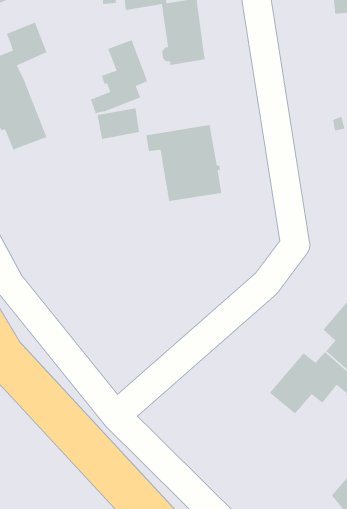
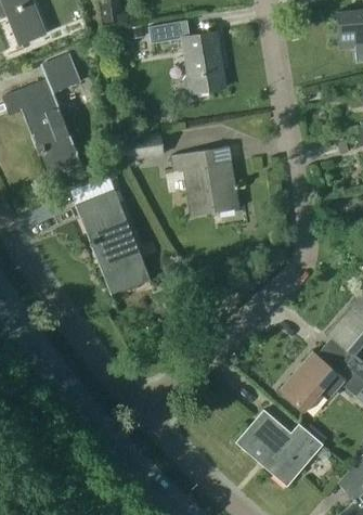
building: [90,39,148,114] -> none
building: none -> [76,189,148,293]
building: none -> [236,409,323,485]

